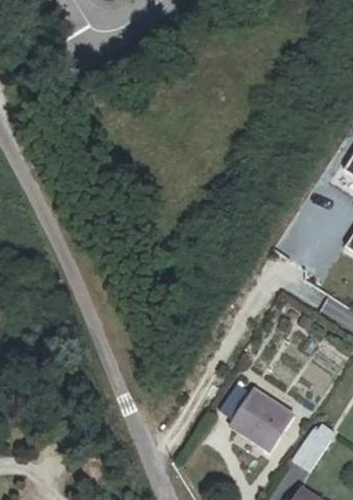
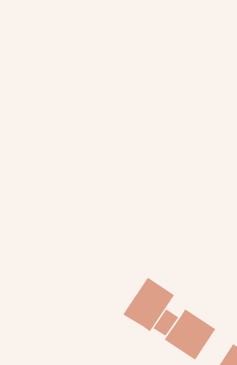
building: none -> [123,277,175,332]

